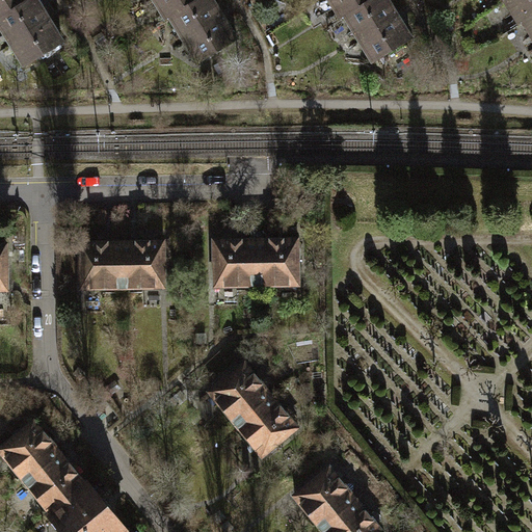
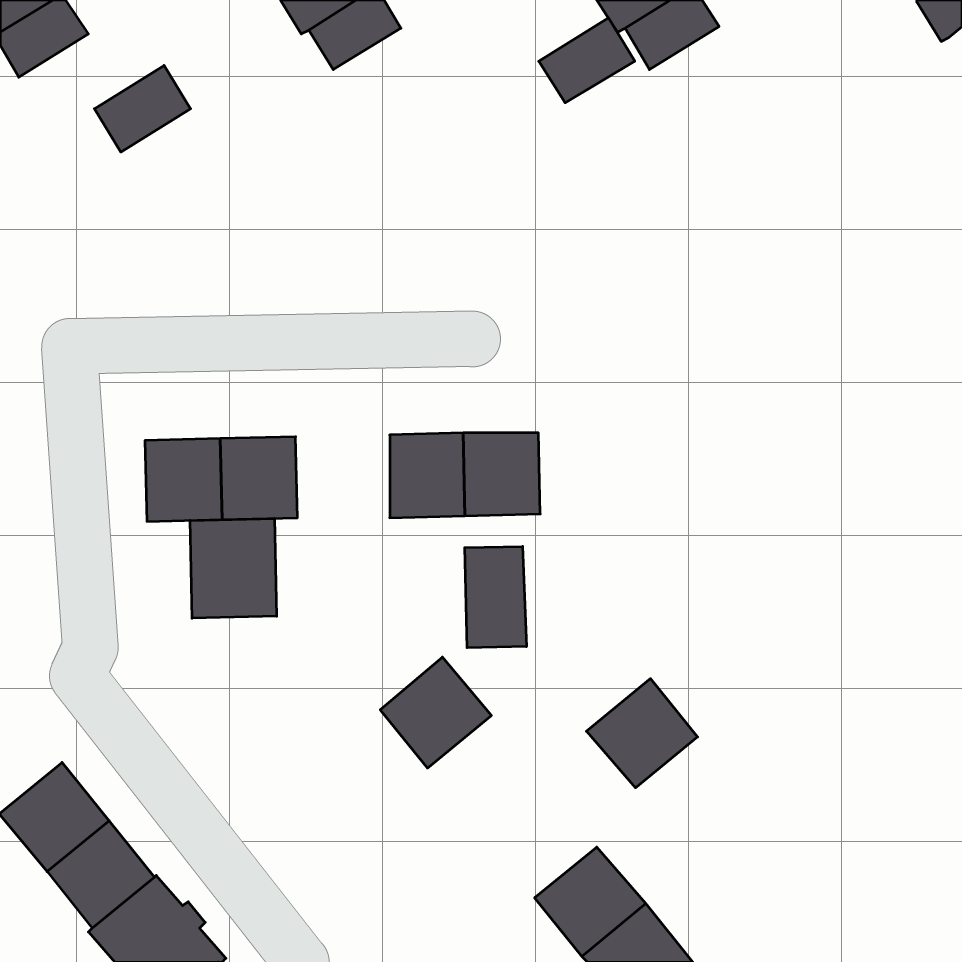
building: [358,15,411,61] -> [539,18,635,103]
building: [184,16,236,62] -> none
building: [10,19,63,66] -> [94,65,191,152]
building: none -> [190,518,277,618]
building: none -> [465,546,526,648]
building: [236,395,297,455] -> [586,679,698,788]

